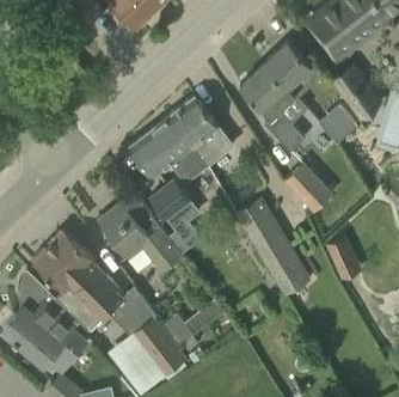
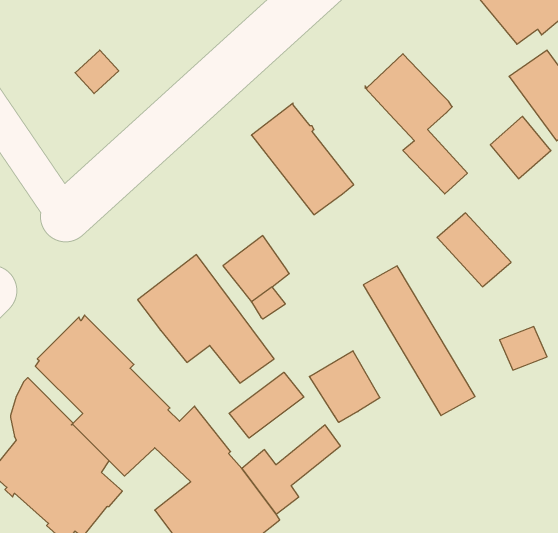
building: [263,41,313,90] -> none
building: [129,116,208,184] -> none
building: none -> [309,351,380,422]
building: none -> [229,372,304,438]

